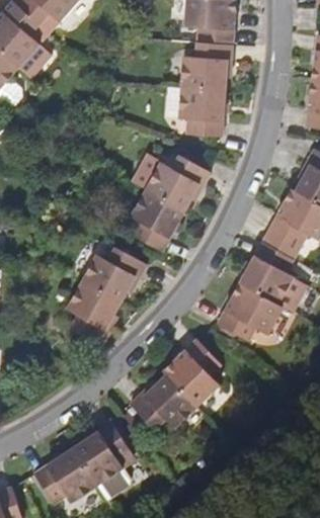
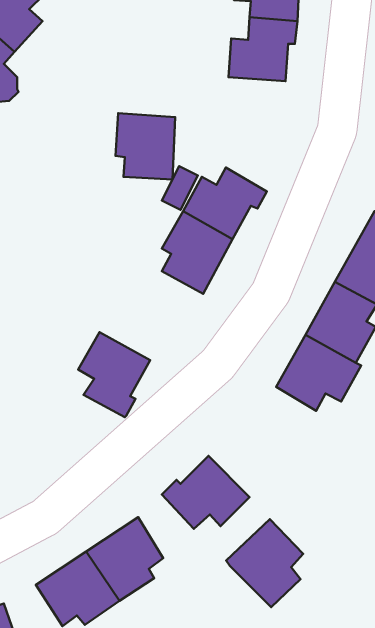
building: [179,86,225,137] -> [115,113,175,180]
building: [83,247,147,301] -> none
building: [163,339,222,406] -> [226,519,303,607]

